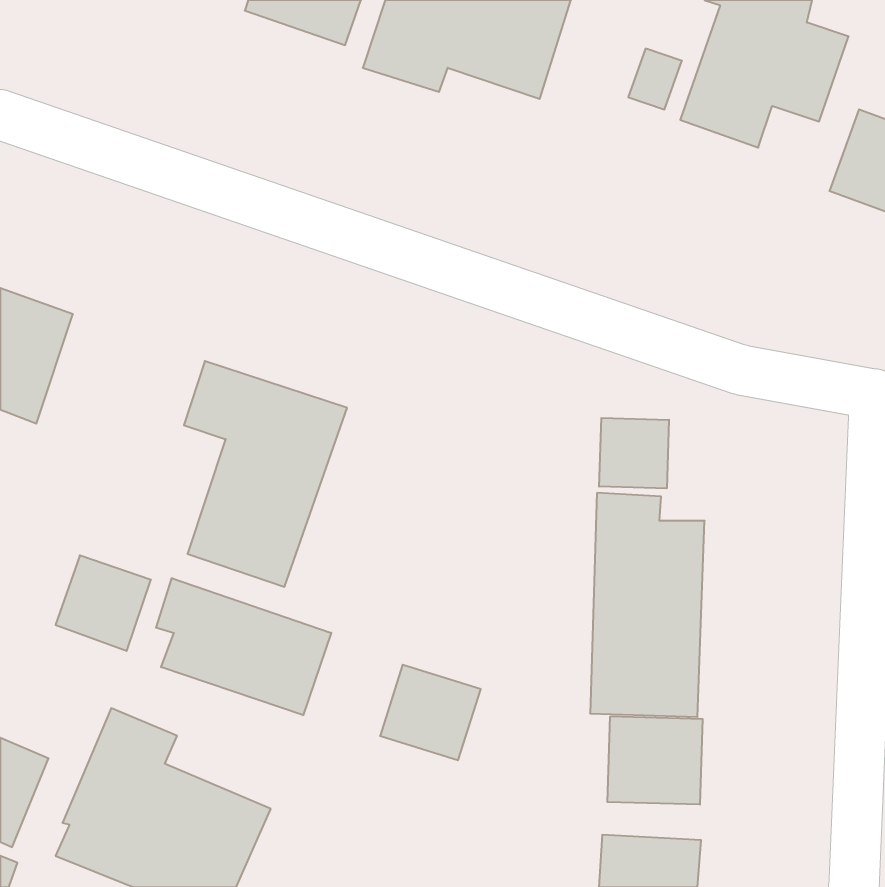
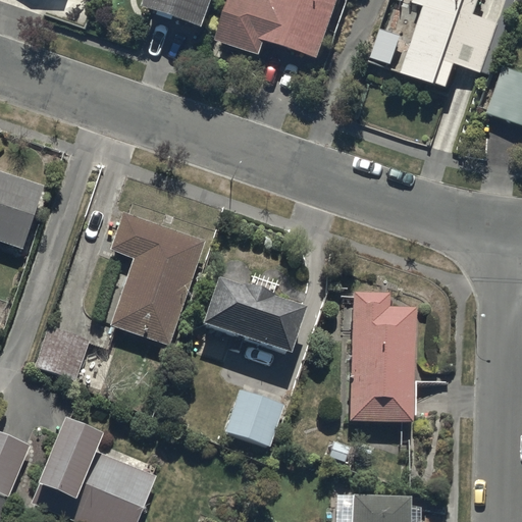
building: [599,418,669,488] -> none
building: none -> [201,277,304,354]
building: [156,578,331,715] -> none
building: [607,716,703,805] -> none

